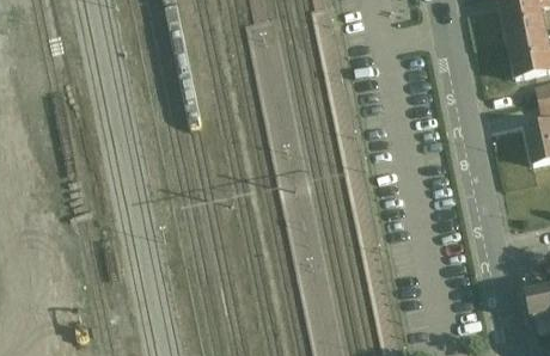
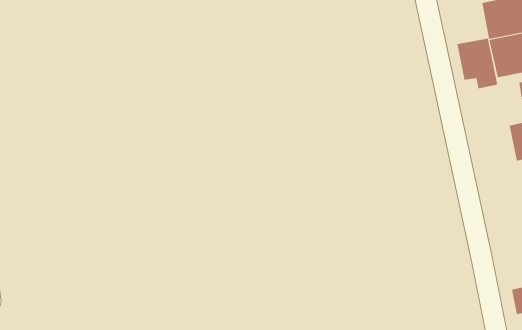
building: none -> [457,38,498,89]

